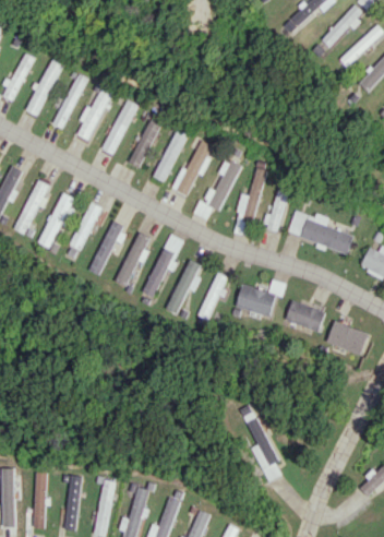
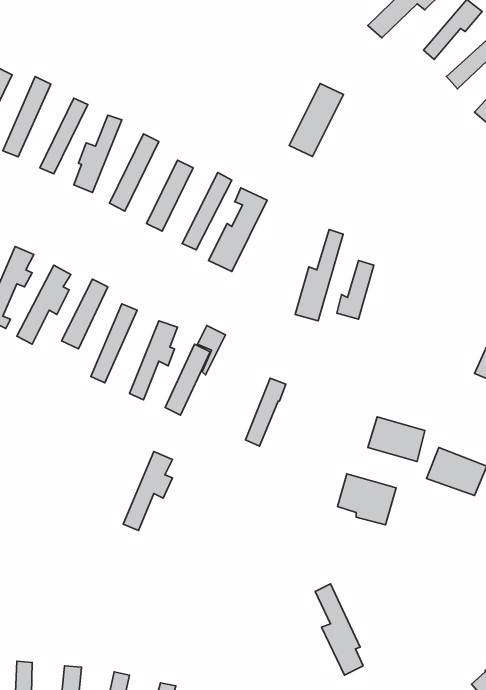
building: [204,158,242,210] -> [289,84,343,156]
building: [288,211,355,253] -> none
building: [166,259,201,314] -> [123,452,173,530]
building: [236,284,277,320] -> [338,474,396,525]

